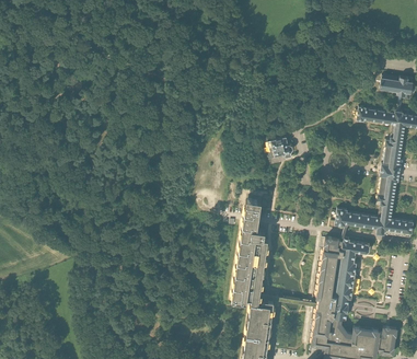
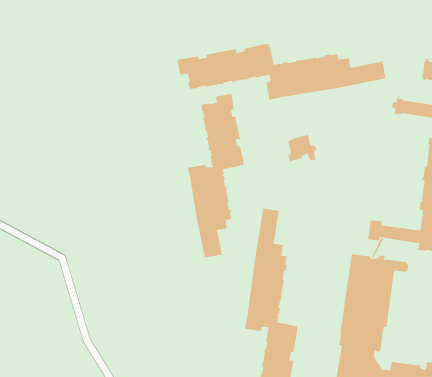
building: none -> [177,43,386,100]
building: none -> [187,93,244,258]

